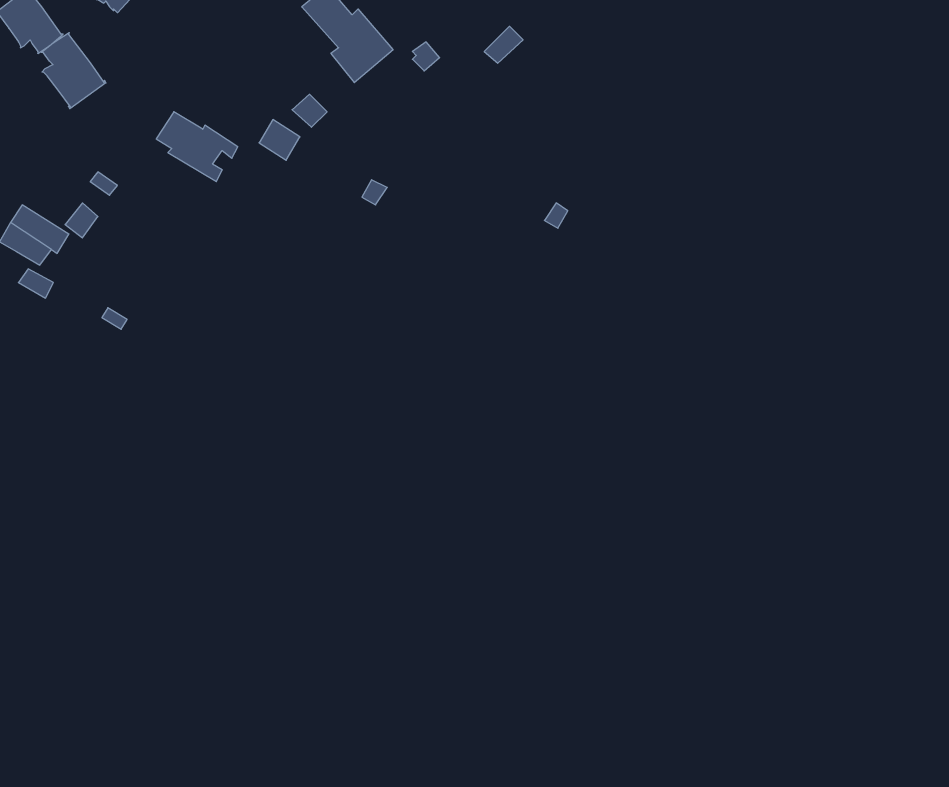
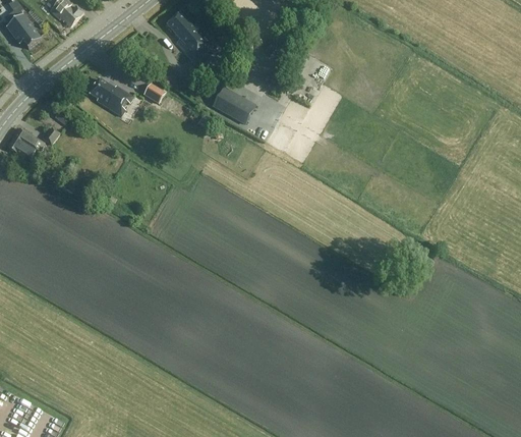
building: [41,33,106,109] -> none
building: none -> [207,81,244,118]

